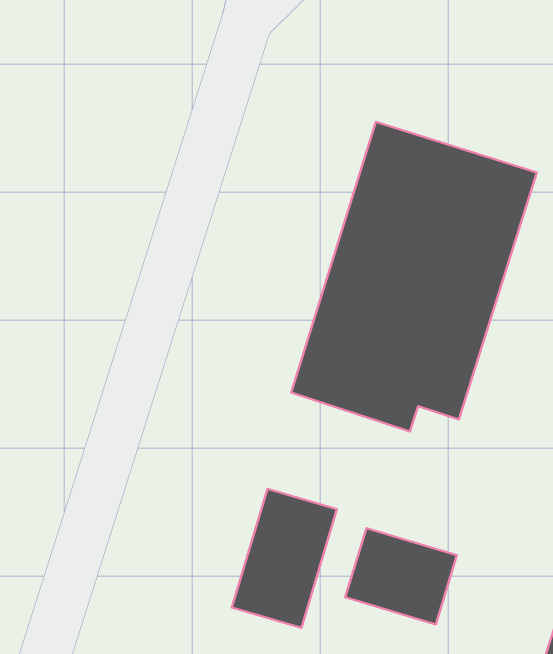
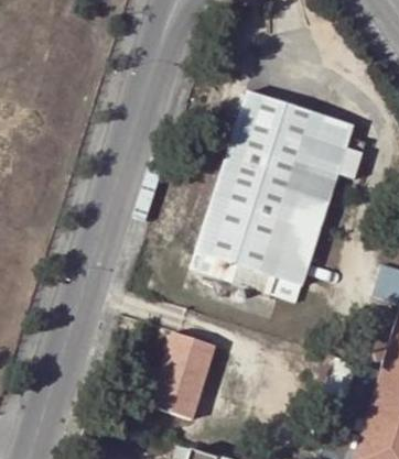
building: [345,528,457,624] -> none

